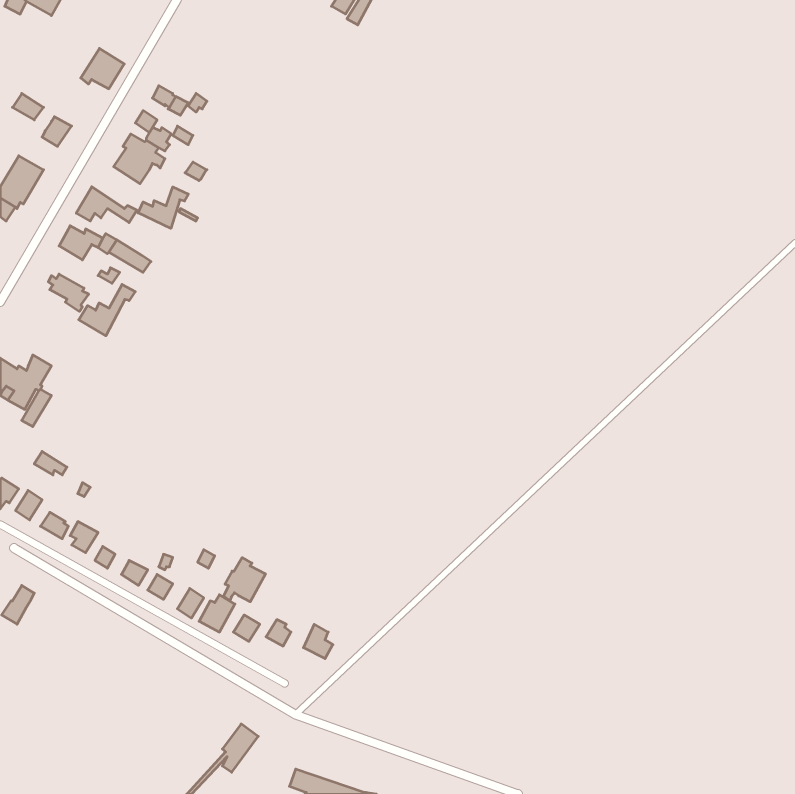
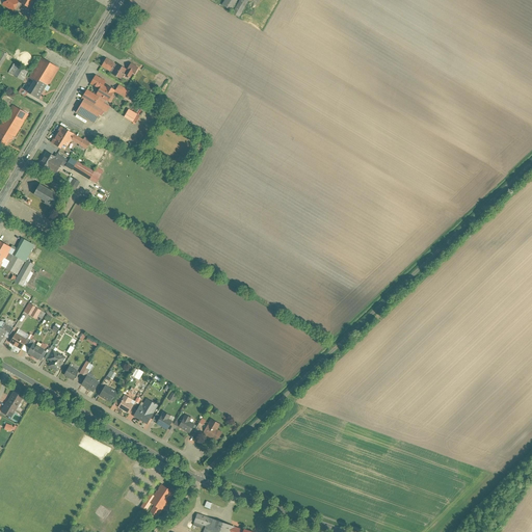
building: [81,48,124,89] -> [29,57,58,84]
building: [138,187,188,228] -> none
building: [79,284,135,336] -> none
building: [223,558,265,602] -> none

